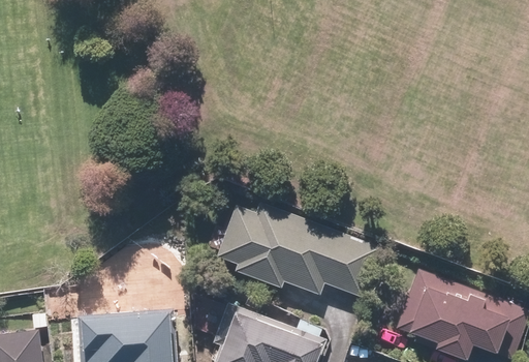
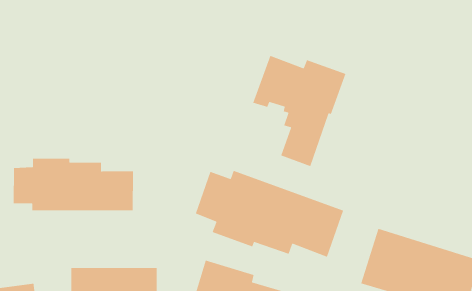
building: none -> [252,55,346,167]
building: none -> [13,158,134,211]

